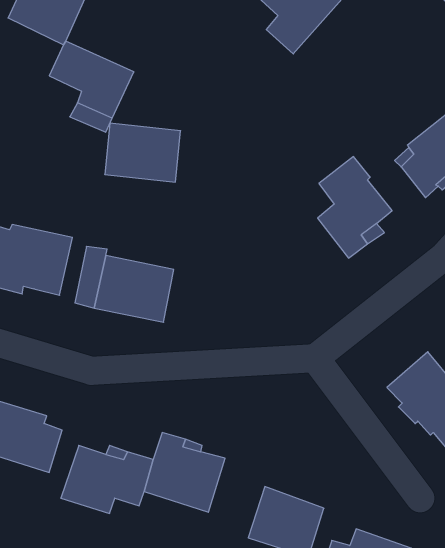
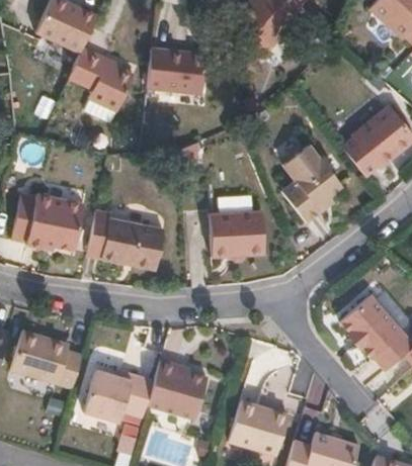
building: [105,123,181,182] -> [150,46,210,93]
building: none -> [212,211,268,257]

